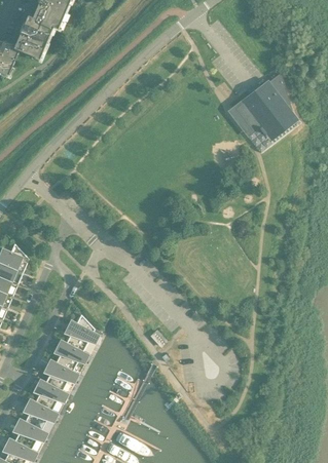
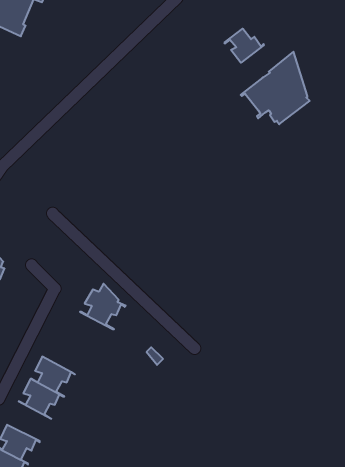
building: none -> [225,29,264,63]
building: [60,315,100,355] -> [80,284,126,329]
building: [29,379,68,411] -> none

